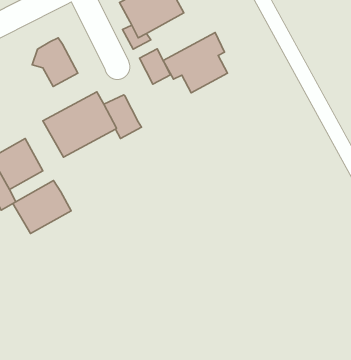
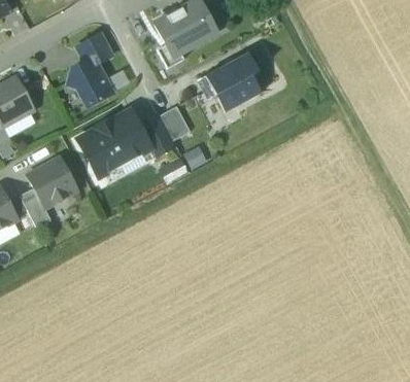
building: none -> [76,33,111,63]
building: [139,49,171,84] -> [159,105,190,140]
building: [13,181,71,234] -> none

